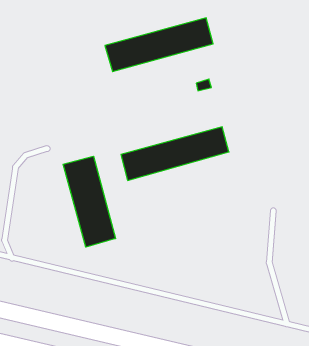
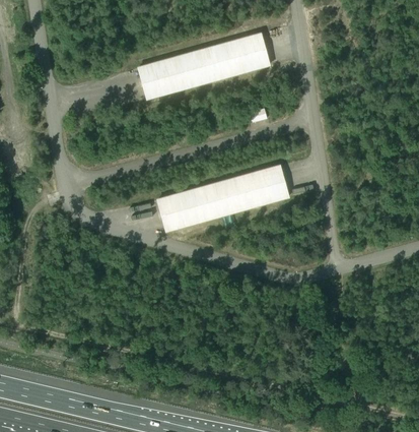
building: [63,156,116,247] -> none

